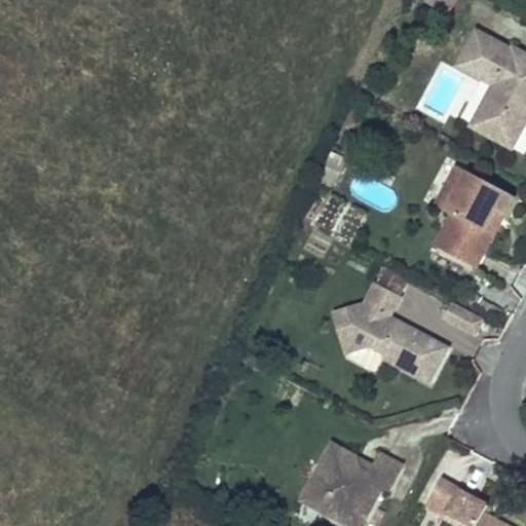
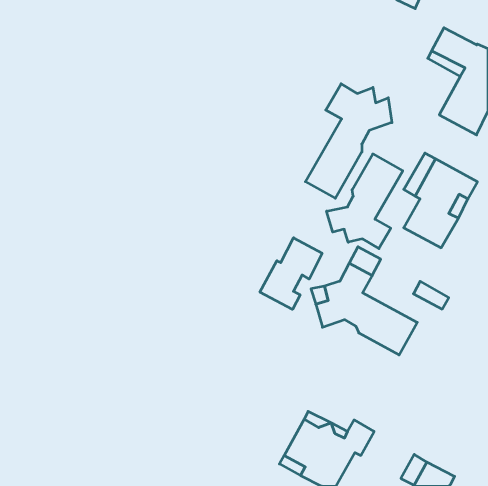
building: none -> [305,84,392,198]
building: none -> [327,154,403,249]
building: none -> [260,238,322,309]

